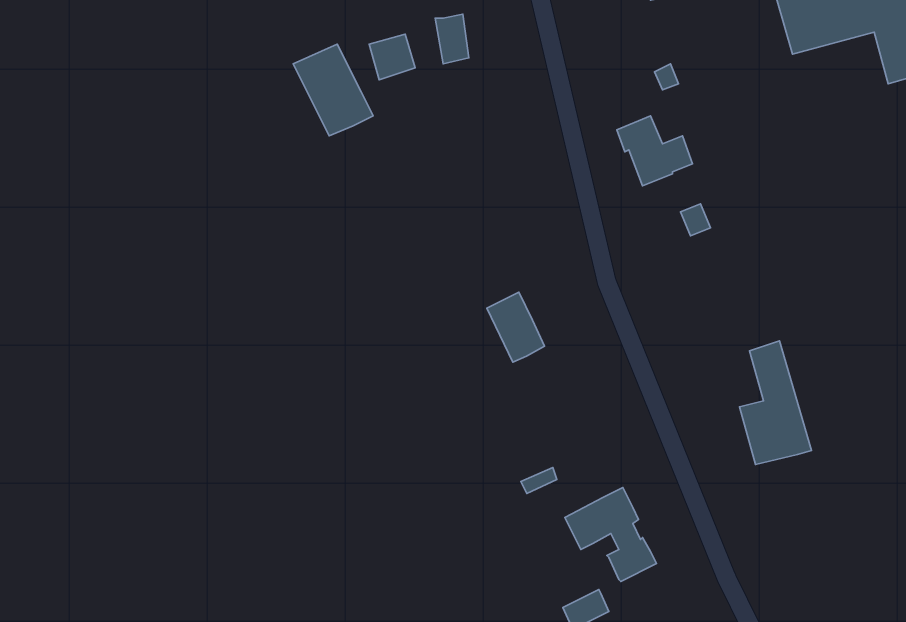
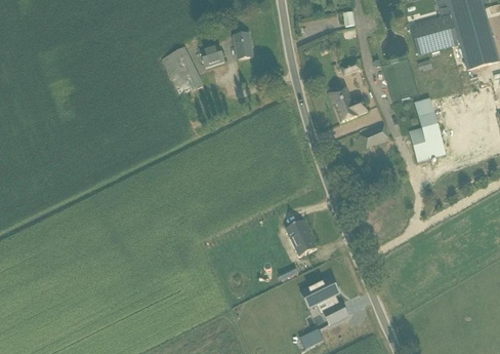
building: [487,292,545,362] -> [286,219,316,254]
building: [740,341,812,465] -> [409,96,446,160]

